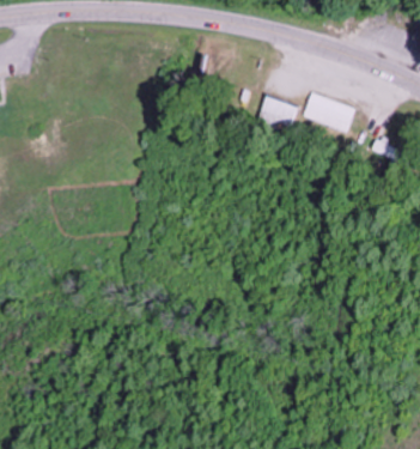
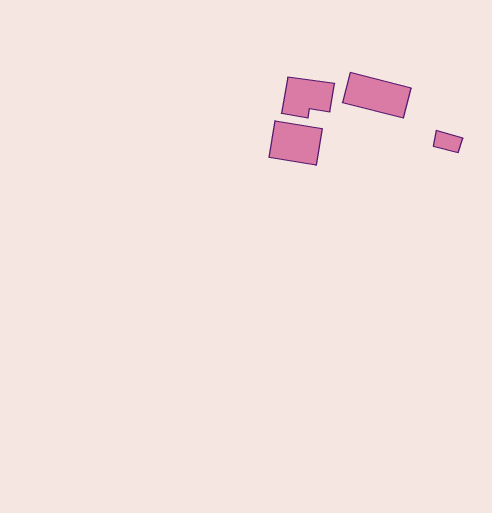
building: none -> [269,121,322,165]

